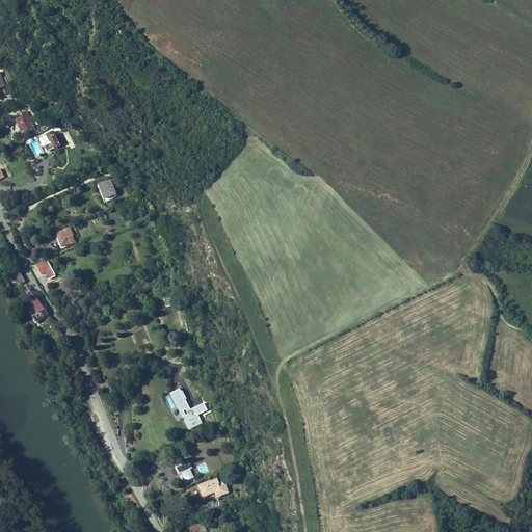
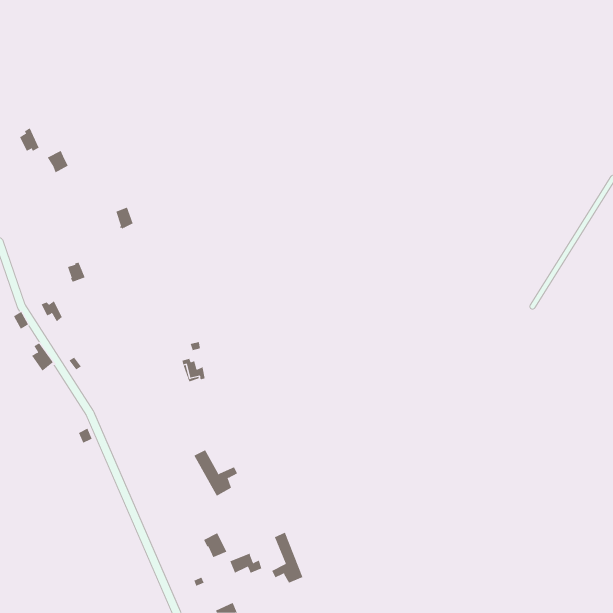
building: none -> [272,532,303,584]

